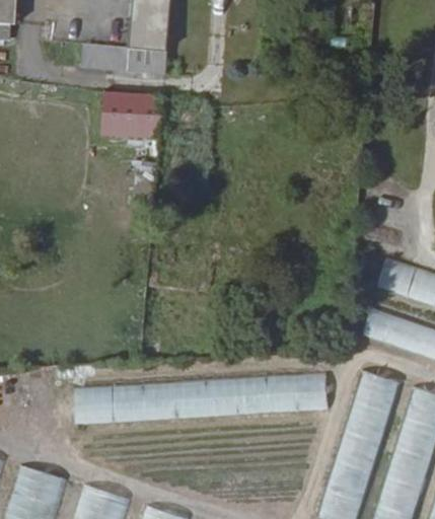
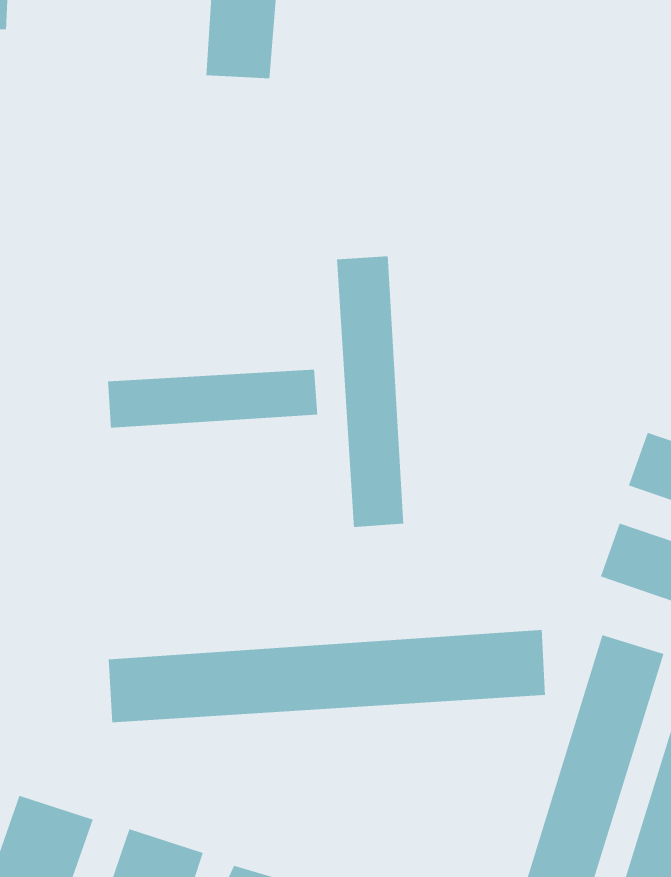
building: [76,44,168,75] -> none
building: [99,89,163,138] -> none
building: none -> [336,255,404,528]
building: none -> [107,369,318,428]

